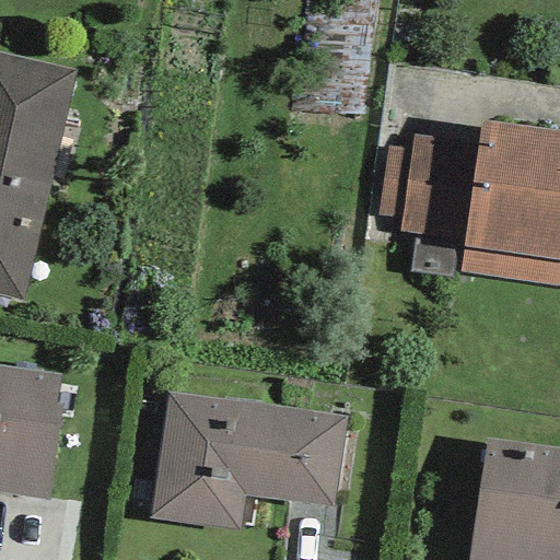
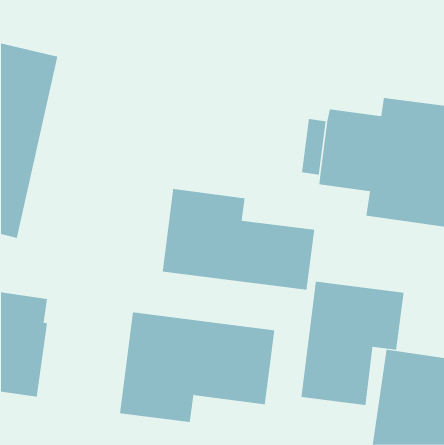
building: none -> [162,188,315,291]
building: none -> [301,281,404,406]

